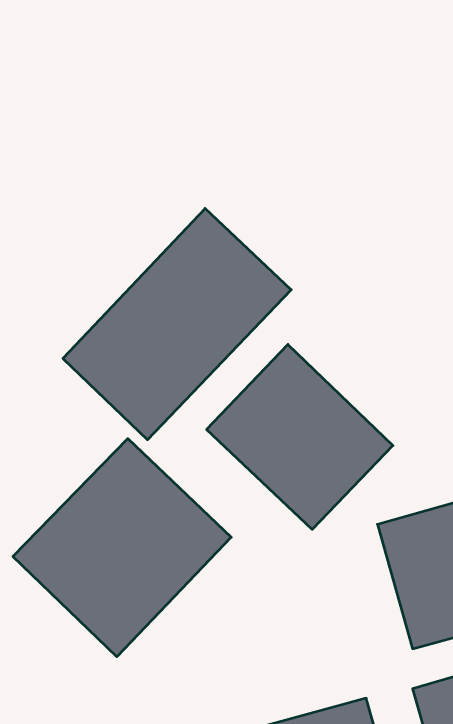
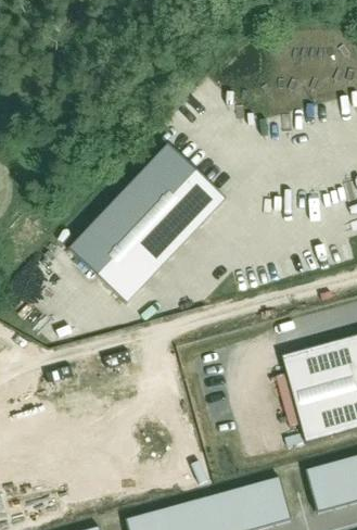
building: [207,344,393,529] -> none
building: [13,439,231,657] -> none

